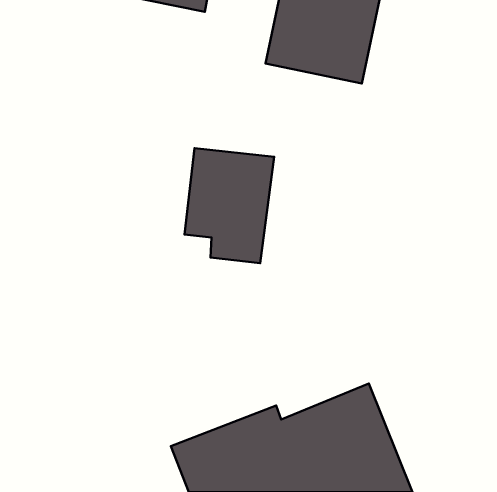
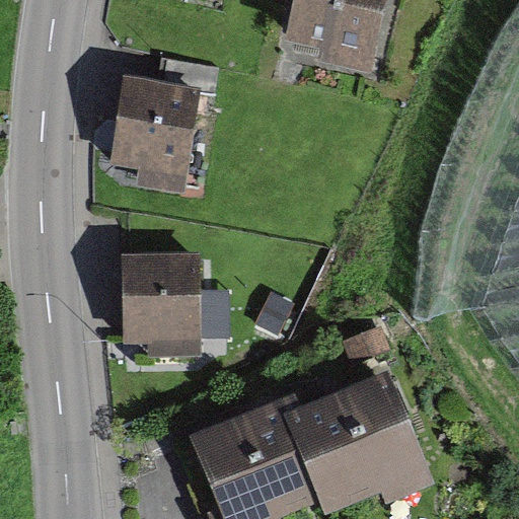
building: [185,148,274,263] -> [109,93,201,211]
building: none -> [120,269,205,374]

